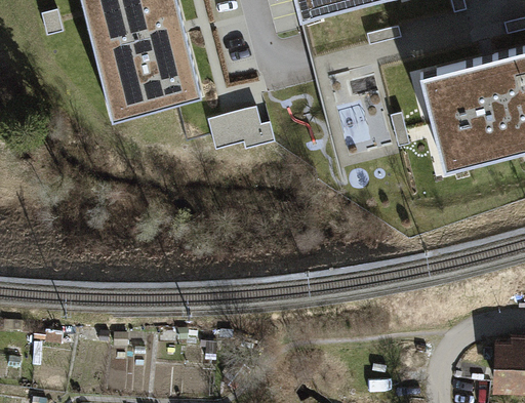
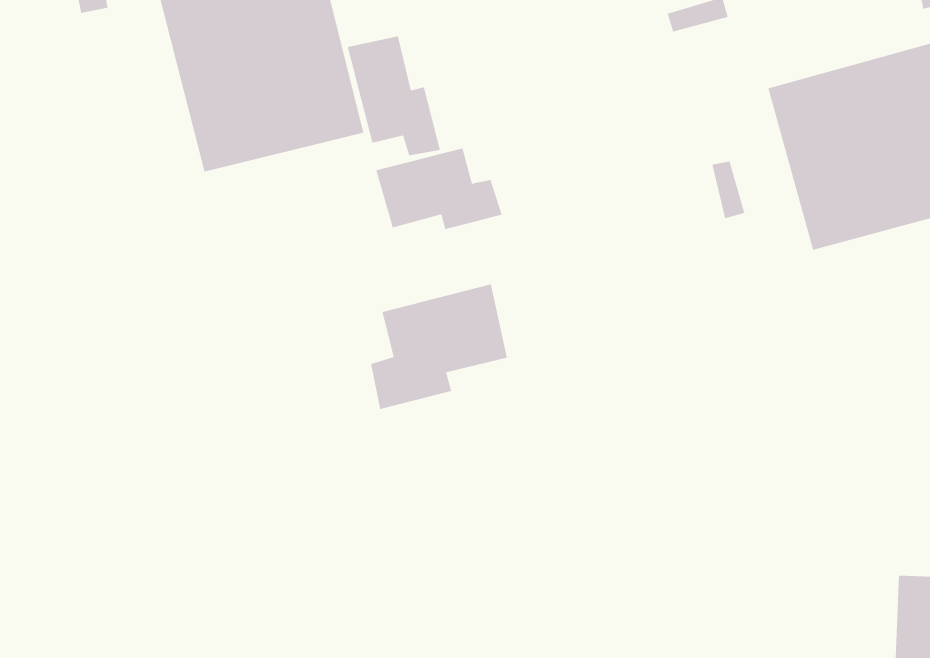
building: none -> [347,36,440,156]
building: none -> [371,284,508,410]

